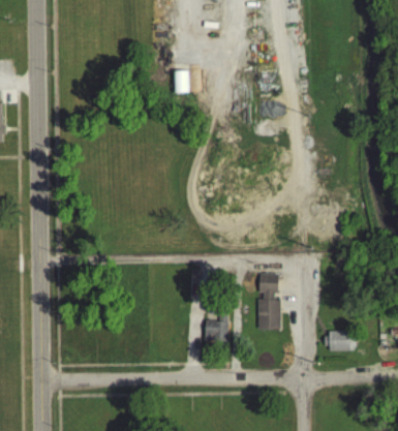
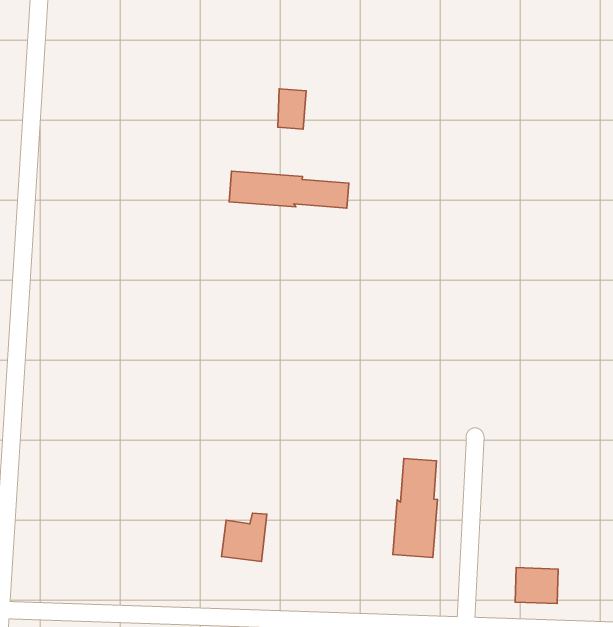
building: none -> [229,171,349,208]
building: [205,316,228,343] -> [222,513,267,561]

